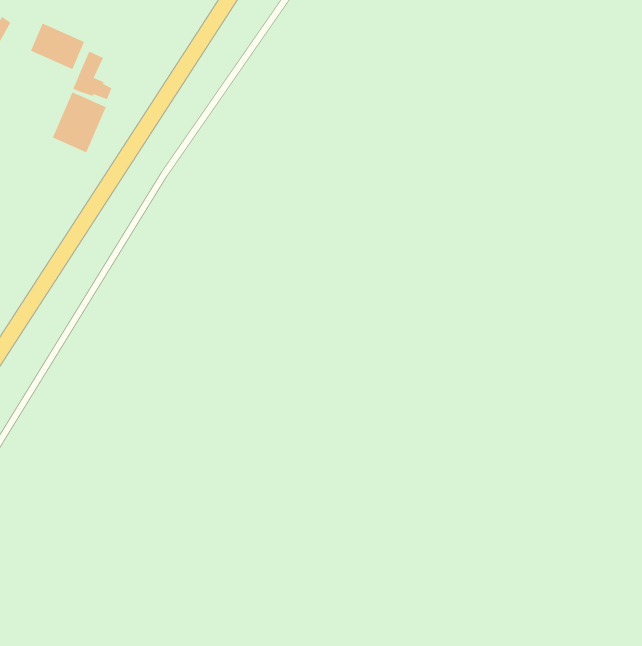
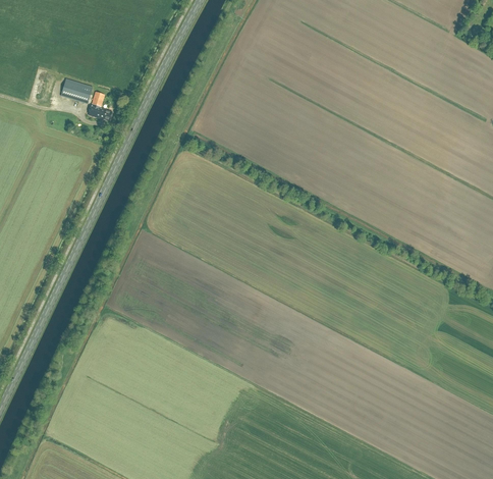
building: [52,92,107,153] -> none

